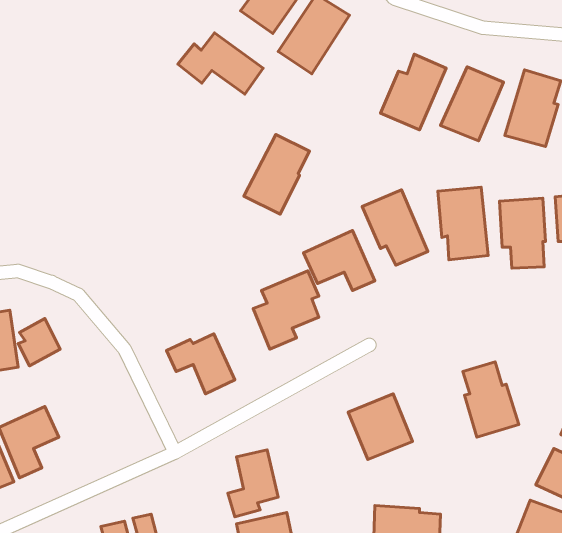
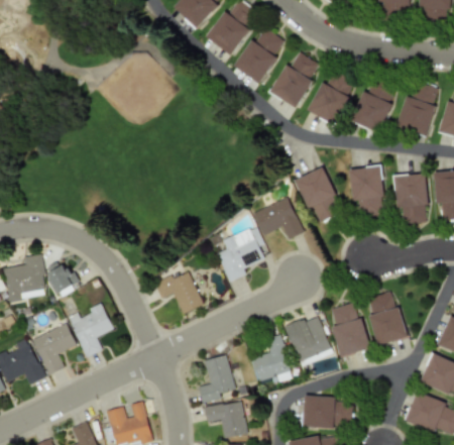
building: [178,33,263,94] -> none
building: [244,135,309,214] -> [271,50,319,108]
building: none -> [331,302,369,357]
building: none -> [69,303,113,357]
building: none -> [251,336,291,385]

